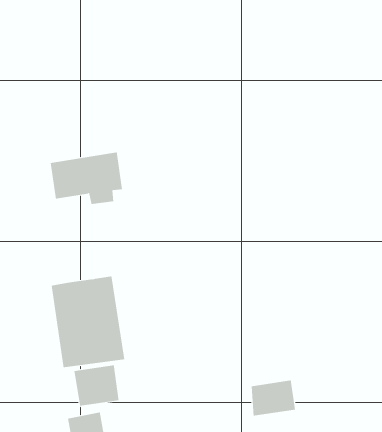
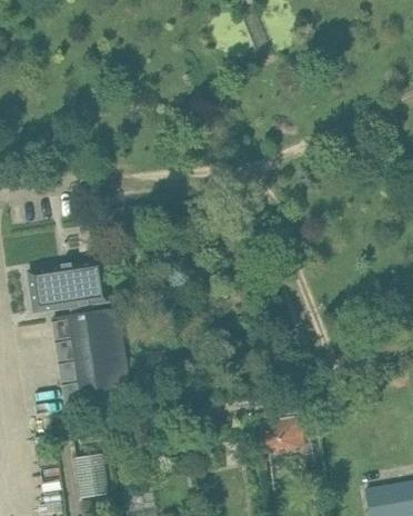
building: [50,152,123,205] -> [30,262,105,317]
building: [74,365,119,407] -> none

